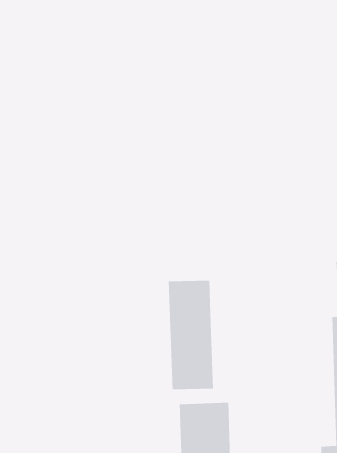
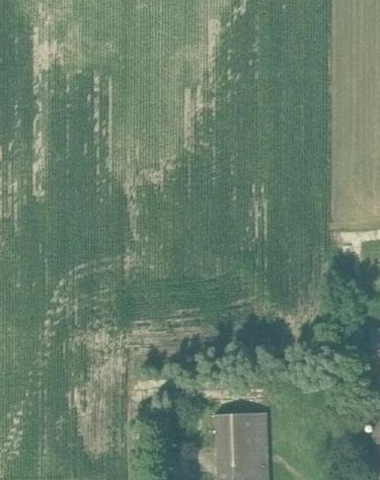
building: [168,280,214,390] -> none

